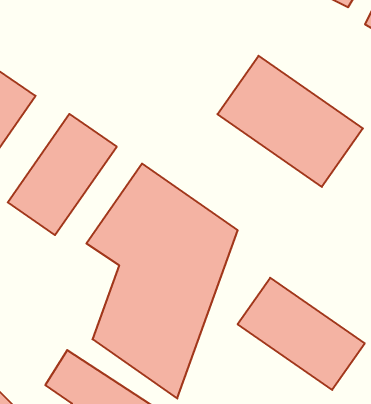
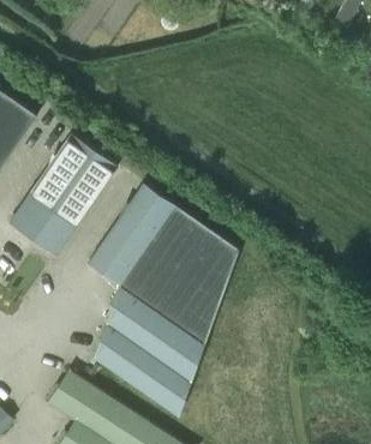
building: [217,56,363,187] -> none
building: [238,278,365,390] -> none

